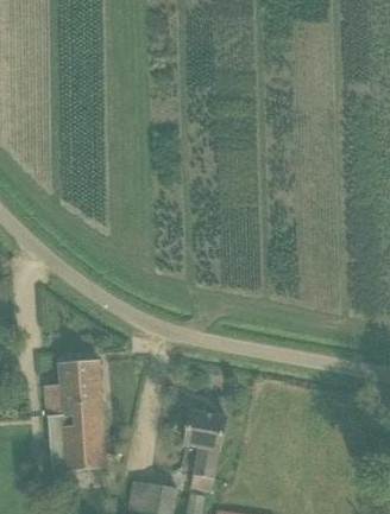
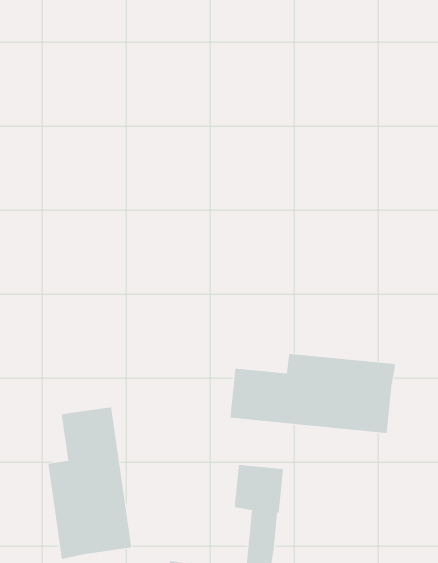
building: none -> [230,353,396,434]

